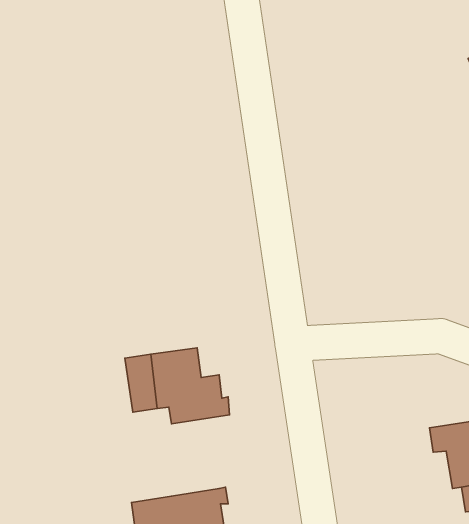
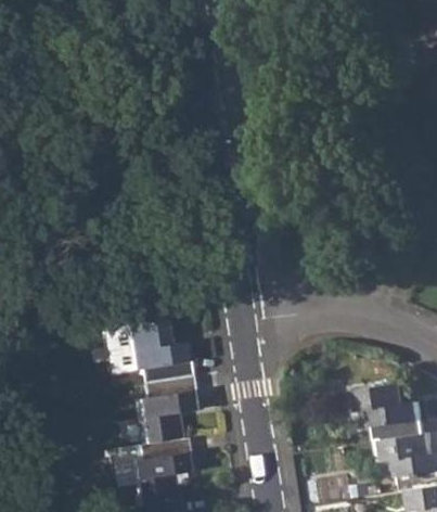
building: none -> [139,384,197,452]

